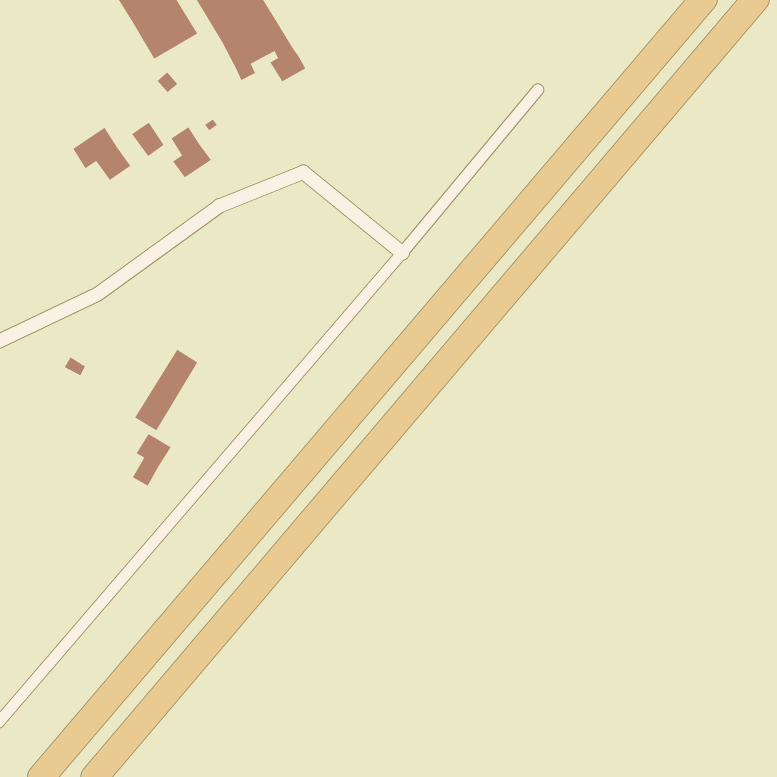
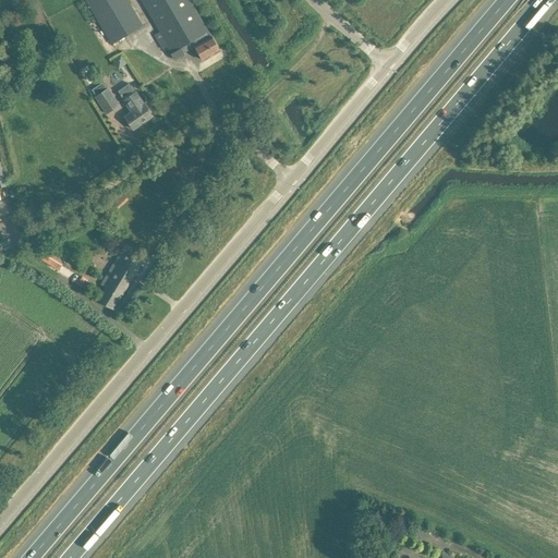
building: [73,127,131,181] -> none
building: [132,433,172,487] -> none

